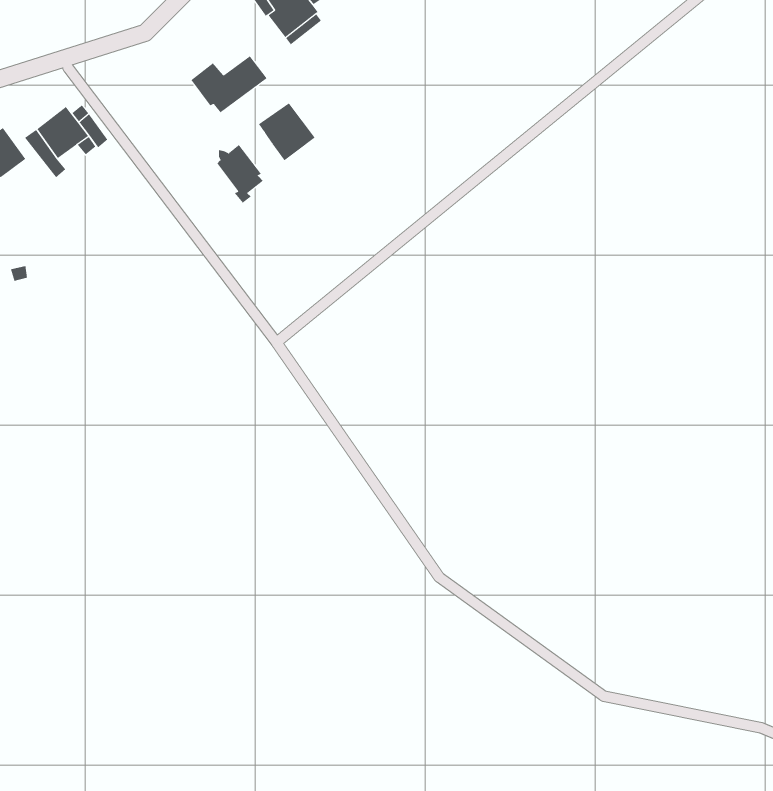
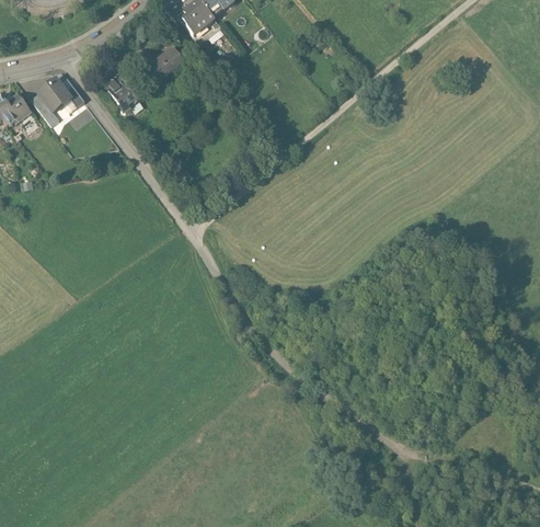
building: [258,103,316,161] -> none
building: [216,144,264,204] -> [107,76,137,113]

